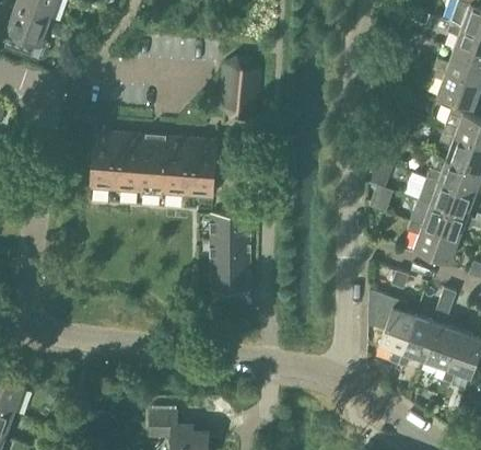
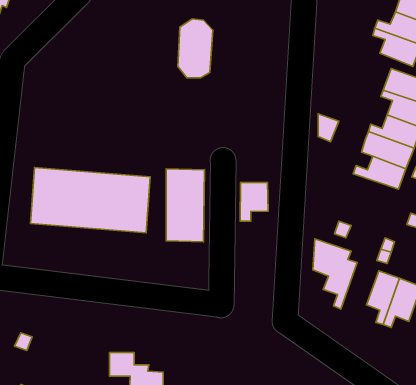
building: [93,125,220,194] -> [31,168,150,233]
building: [408,223,458,264] -> none
building: none -> [240,182,268,221]
building: [397,318,437,370] -> none

